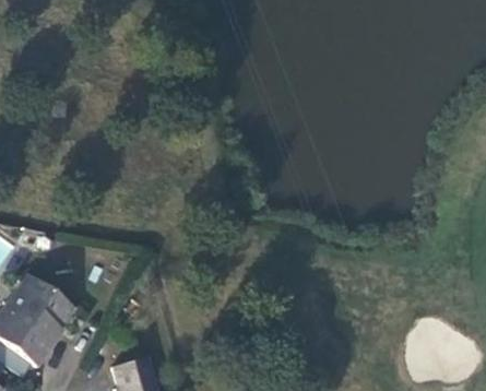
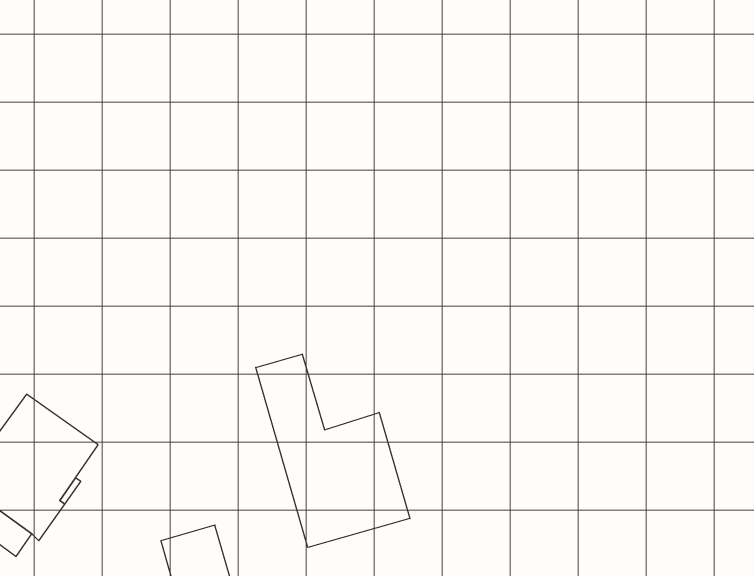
building: none -> [256,354,410,547]

